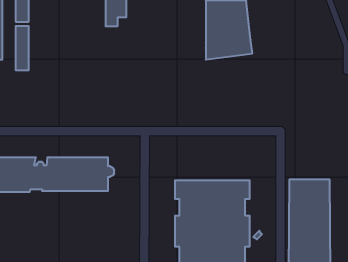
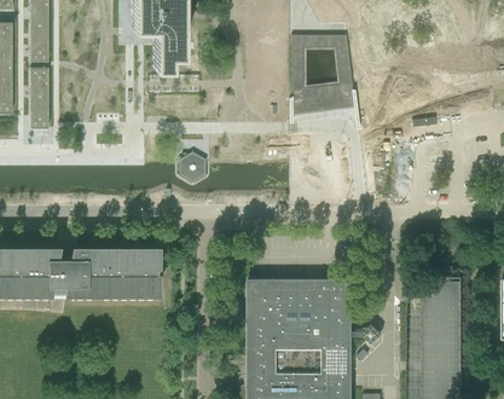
building: none -> [180,154,205,184]

